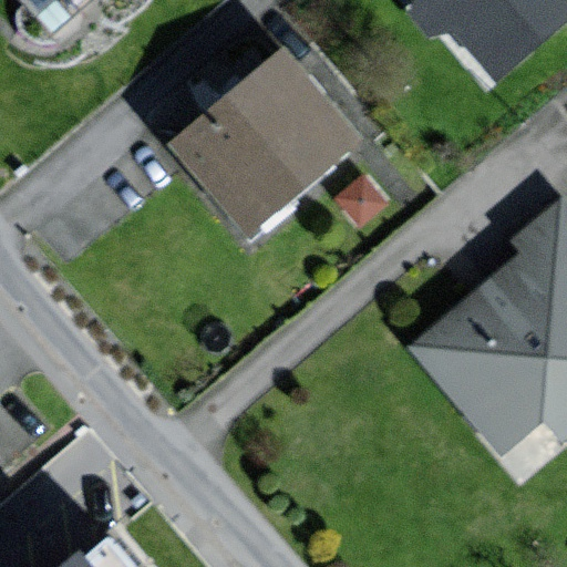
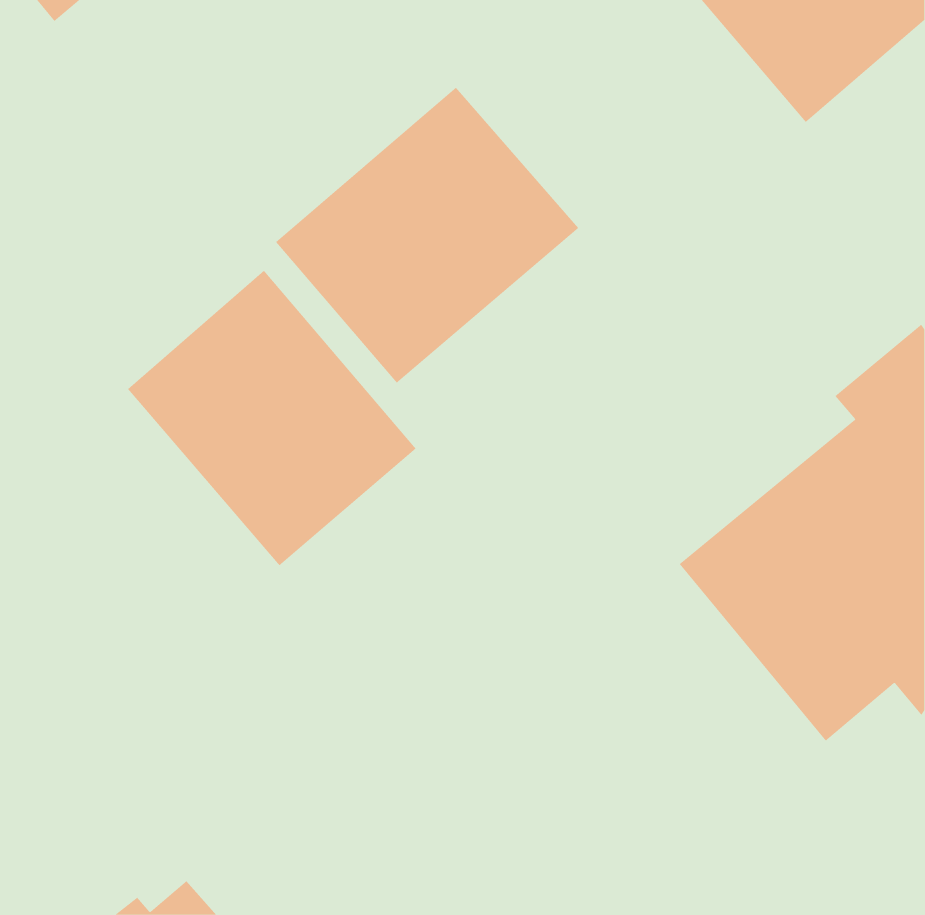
building: none -> [127,270,417,566]

